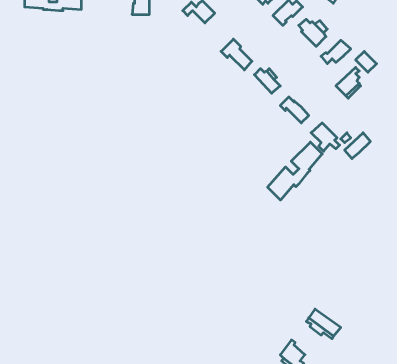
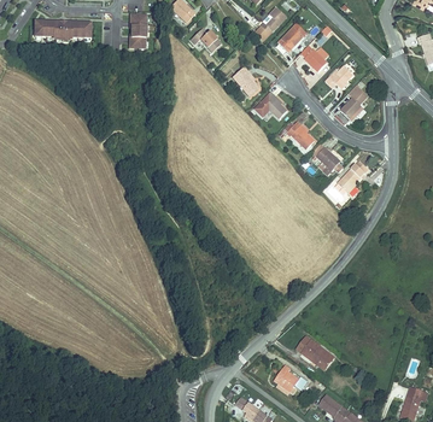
building: [268,142,322,200] -> none

